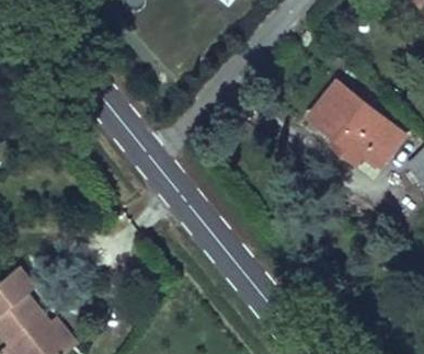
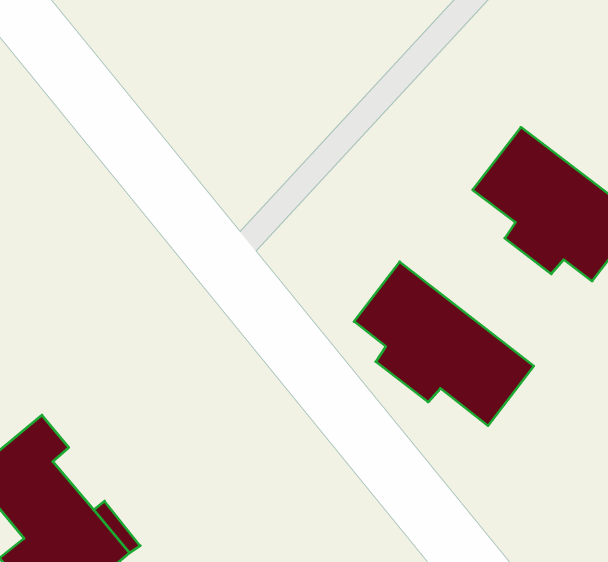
building: none -> [354,262,534,426]

